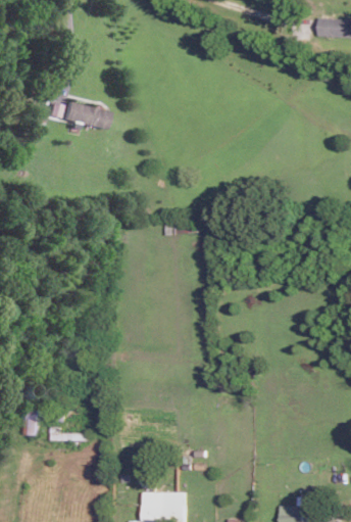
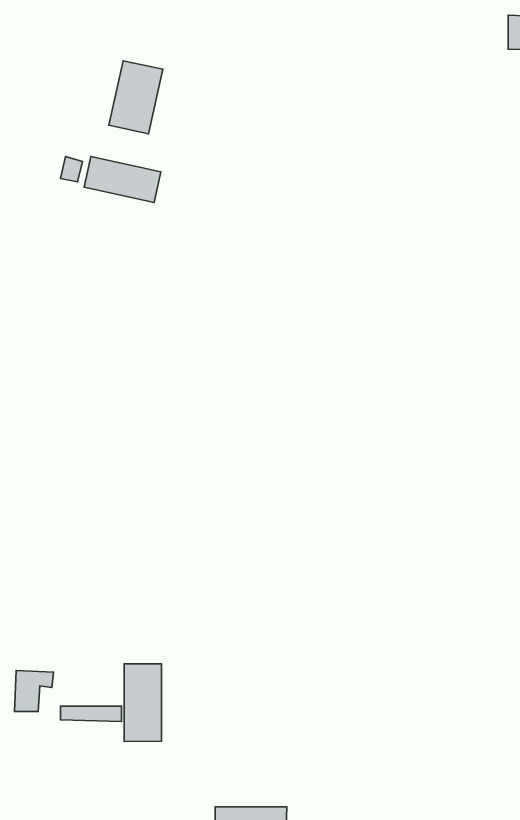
building: none -> [109,61,163,134]
building: none -> [124,664,161,741]

